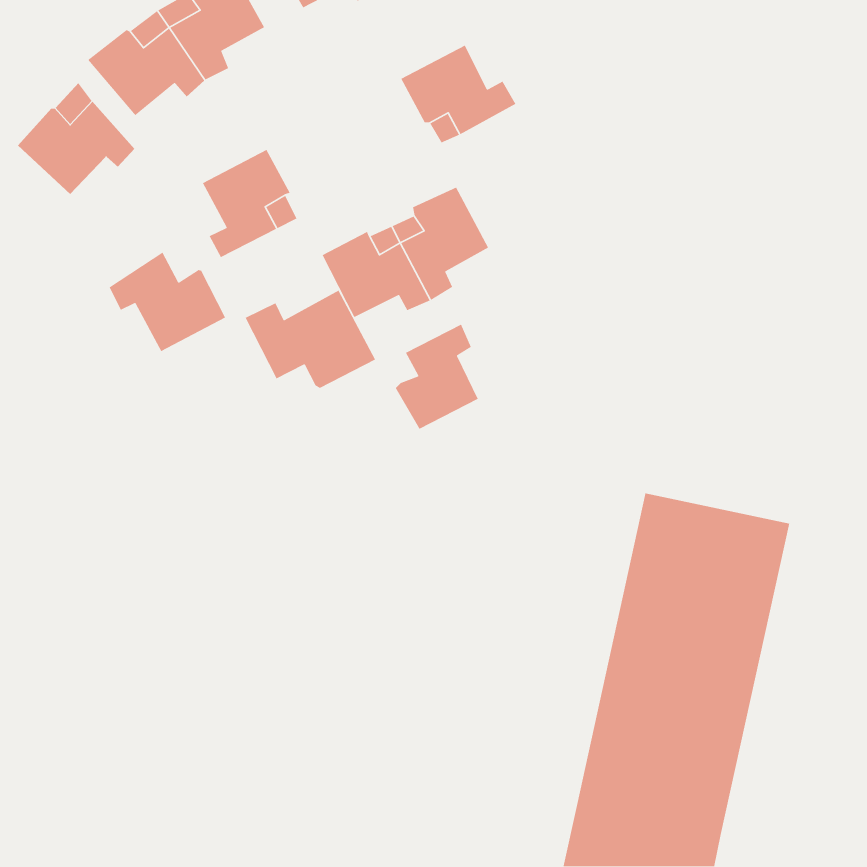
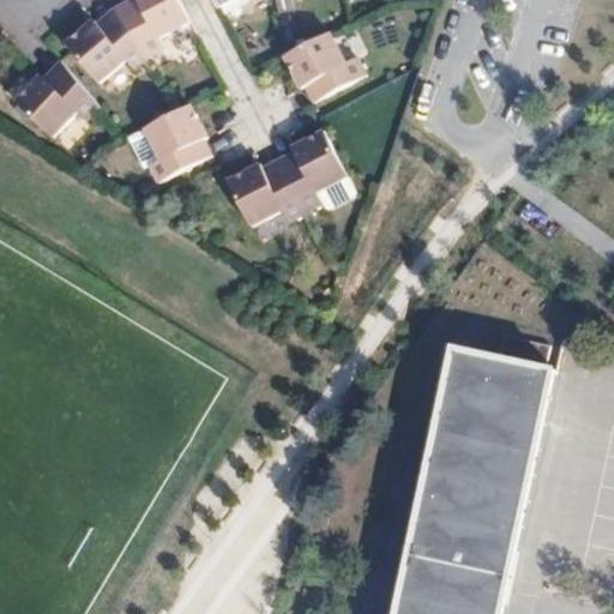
building: [108,251,226,352] -> none
building: [245,289,376,389] -> none
building: [395,324,479,430] -> none

